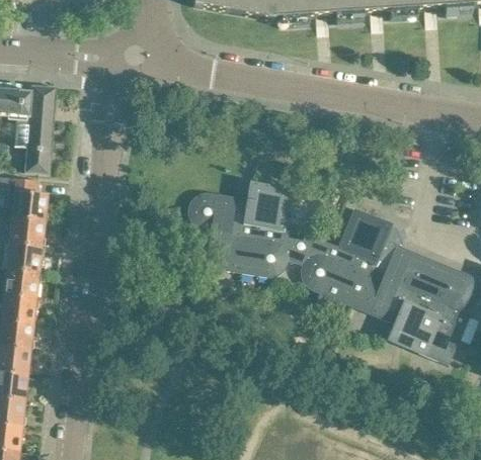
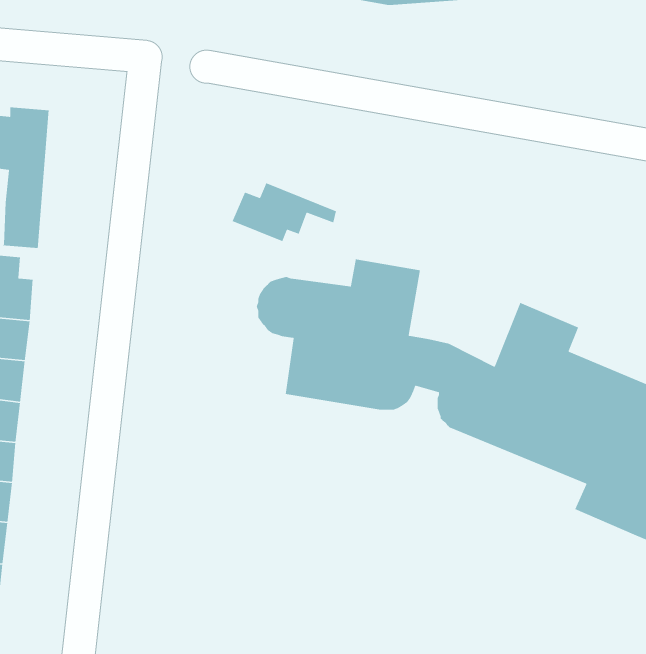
building: none -> [231,182,337,242]

